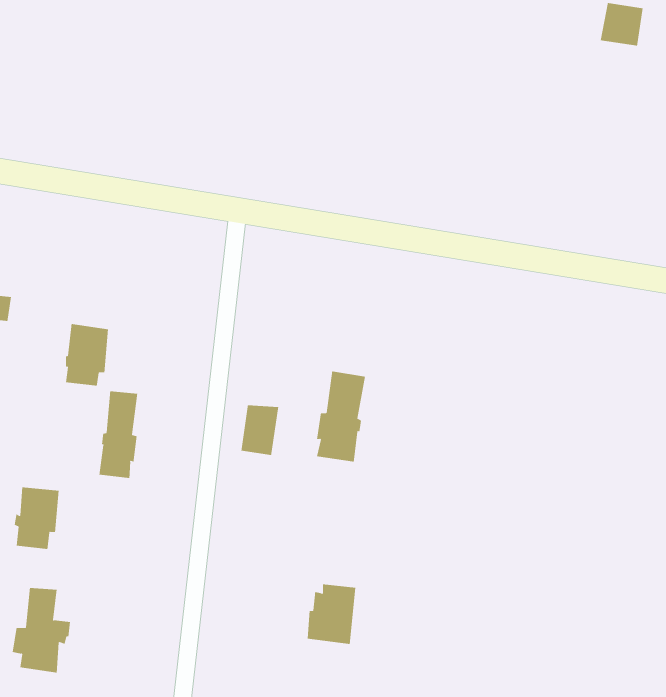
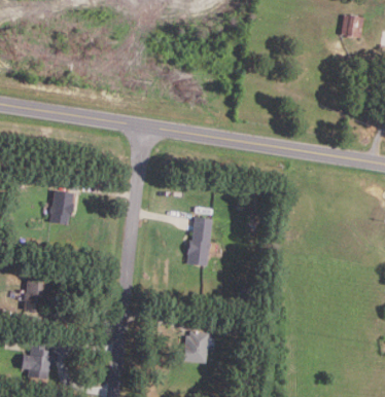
building: [99,390,138,479] -> none
building: [241,404,279,456] -> none

